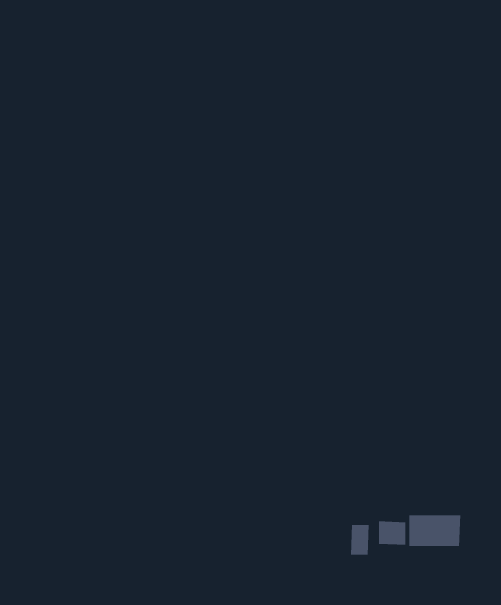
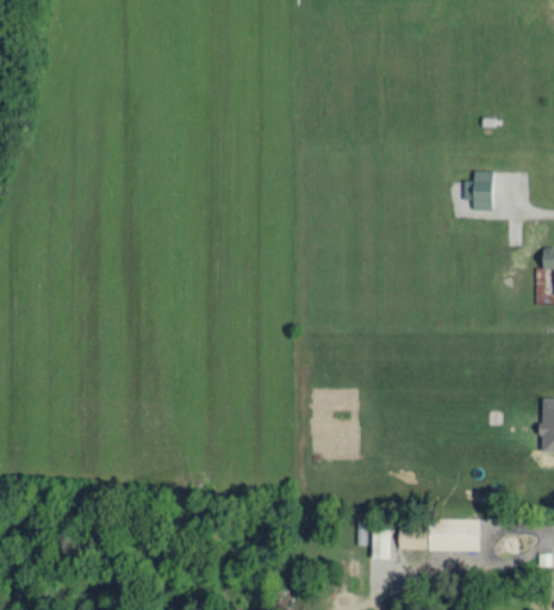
building: none -> [466,170,496,210]

